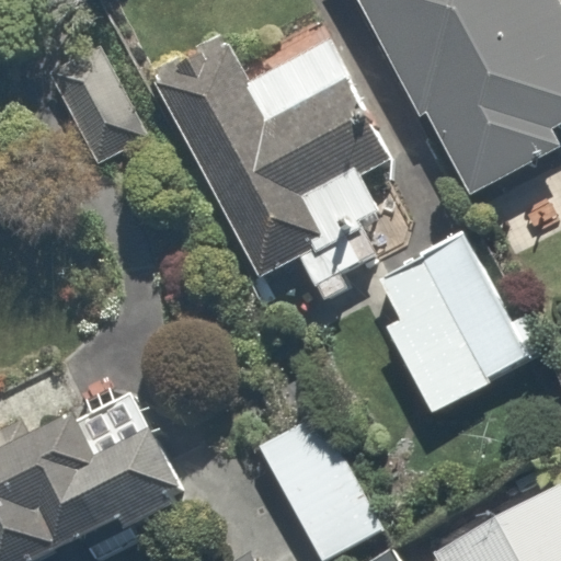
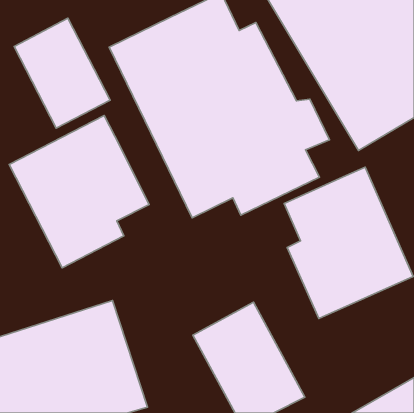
building: none -> [9,116,149,268]

